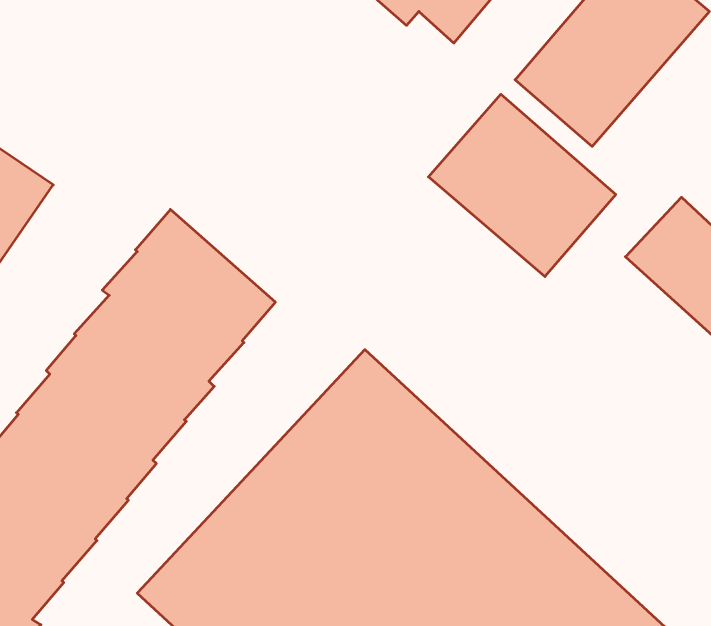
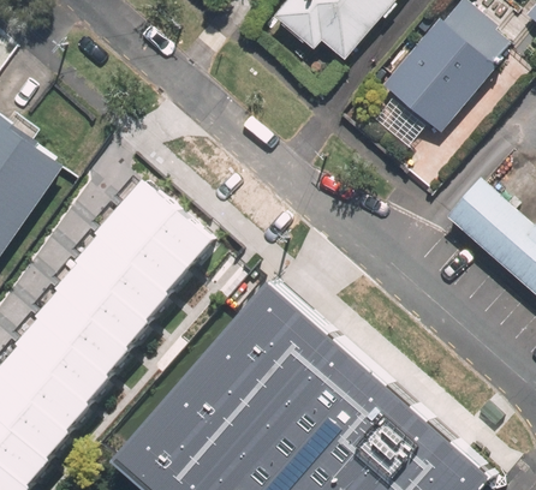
building: [428,94,616,277] -> none

